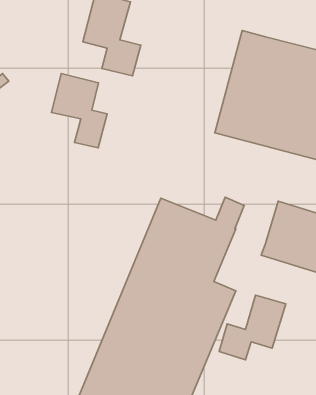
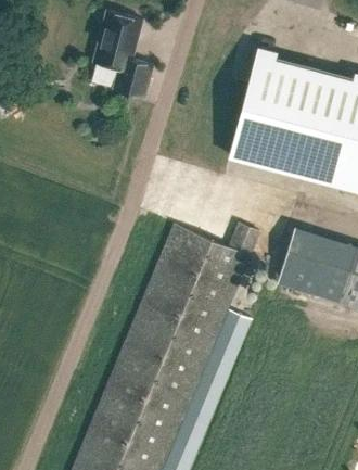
building: [52,73,107,148] -> none
building: [219,295,286,360] -> none

